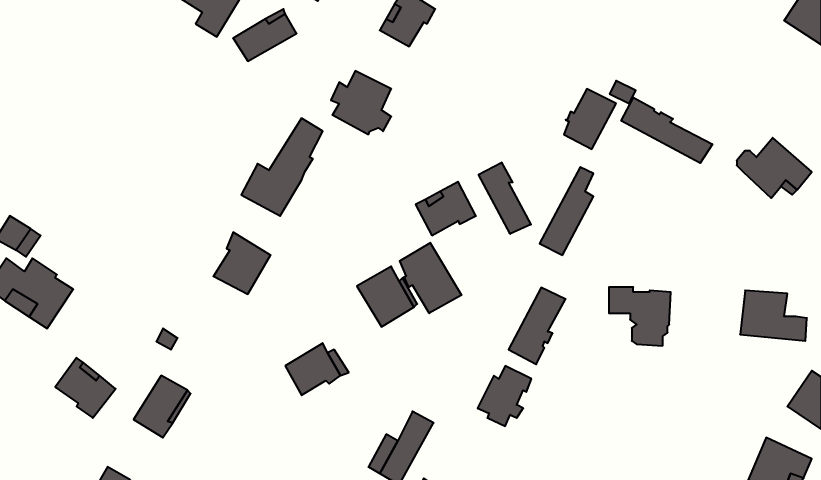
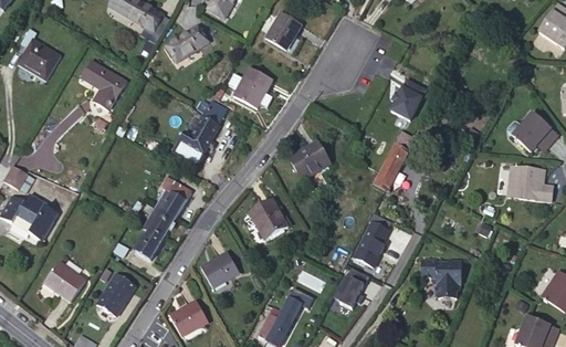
building: none -> [18,33,59,82]
building: none -> [82,61,126,109]
building: [621,98,712,163] -> none
building: [479,162,531,234] -> none
building: [400,243,462,313] -> none
building: none -> [136,206,176,259]
building: [609,287,671,346] -> [419,259,461,298]
building: [740,290,807,341] -> [507,166,553,200]
building: none -> [170,301,209,336]

